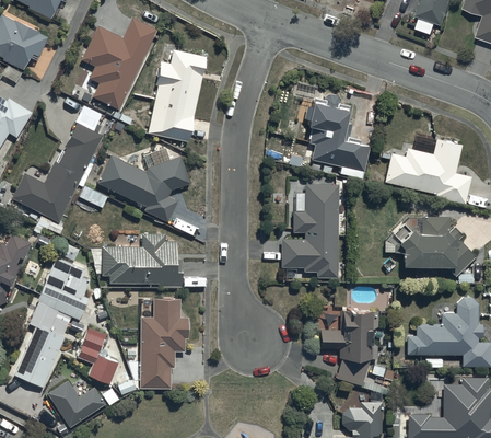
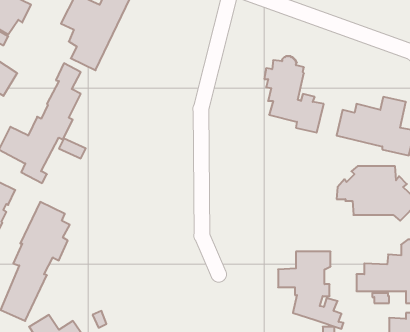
building: [148,50,206,142] -> none
building: [97,148,190,223] -> none
building: [281,184,338,279] -> none
building: [92,234,182,288] -> none
building: [140,301,188,389] -> none
building: [75,327,117,385] -> none

